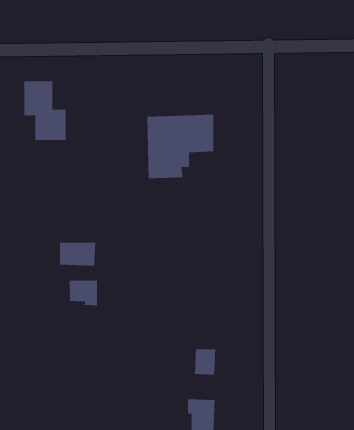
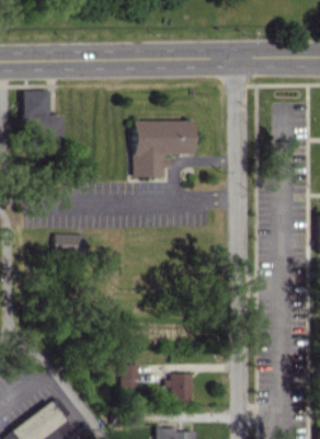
building: [69,280,98,306] -> none
building: [194,348,216,376] -> [123,365,142,389]

